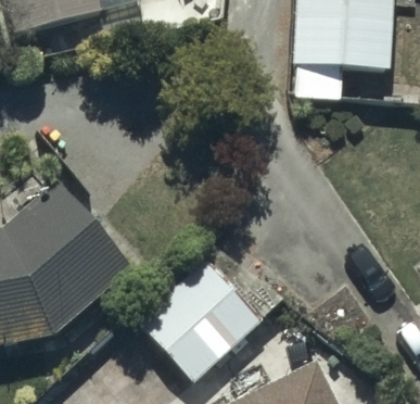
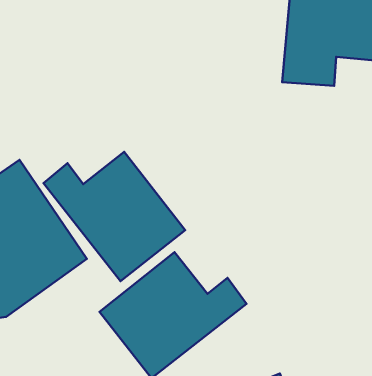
building: none -> [43,152,185,281]

